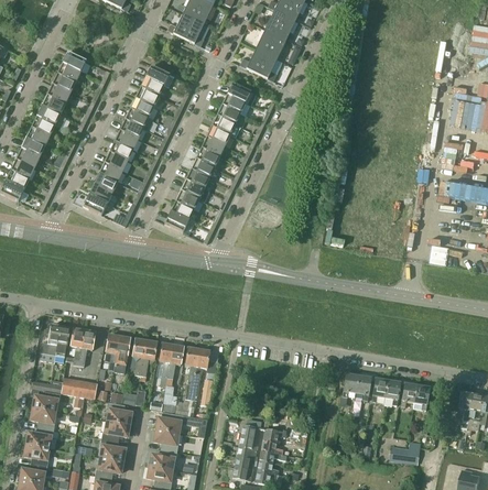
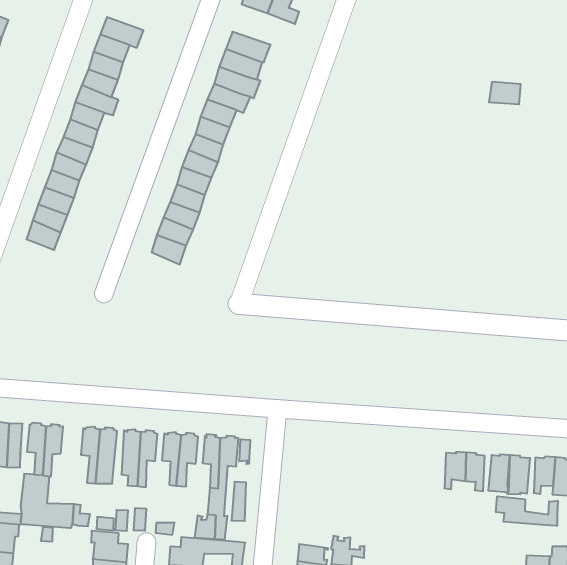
building: none -> [496,496,558,526]

